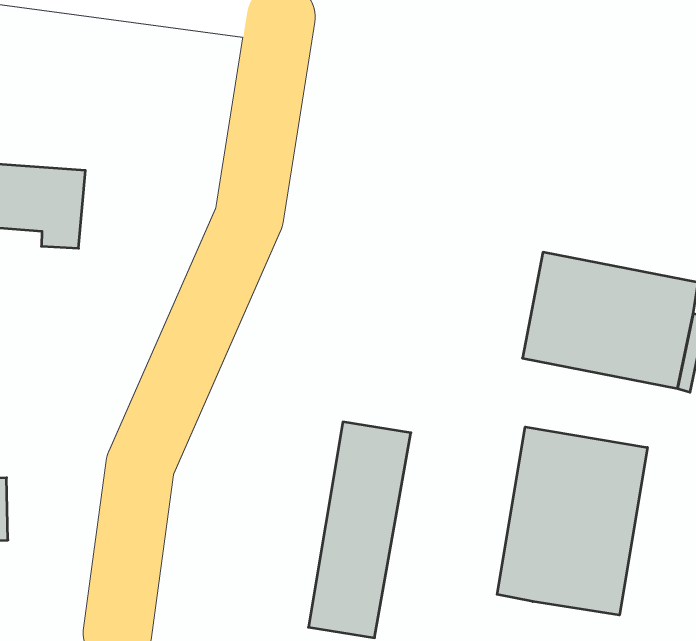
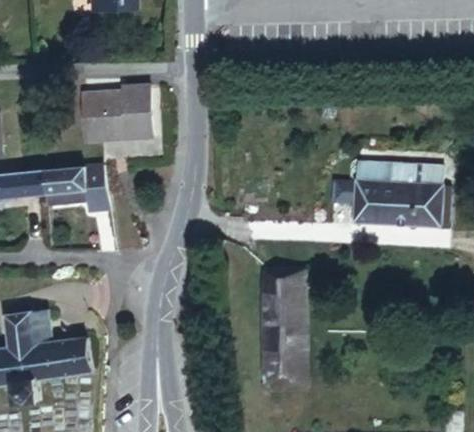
building: none -> [87,81,157,138]
building: [497,427,647,615] -> none

